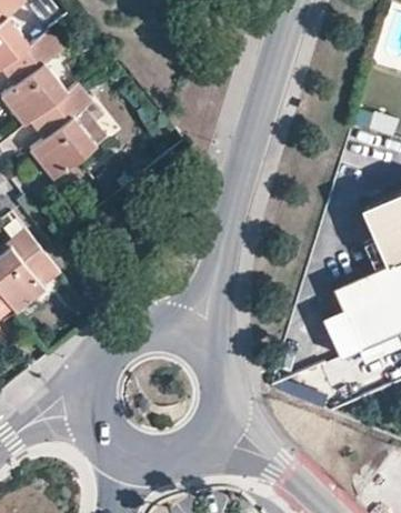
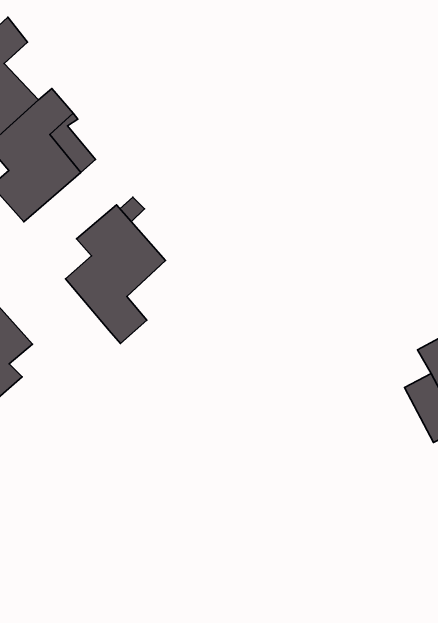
building: none -> [65,205,166,344]

